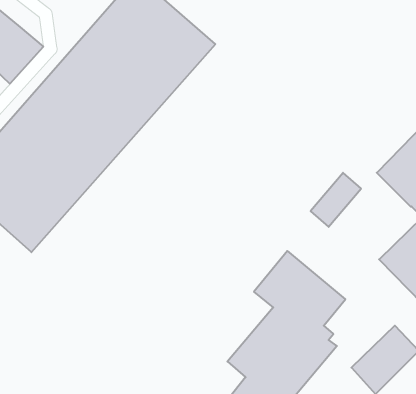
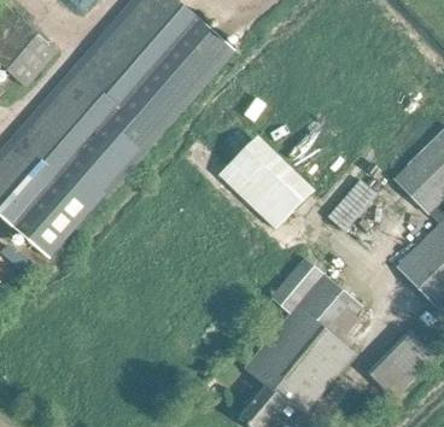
building: none -> [220,134,316,227]

